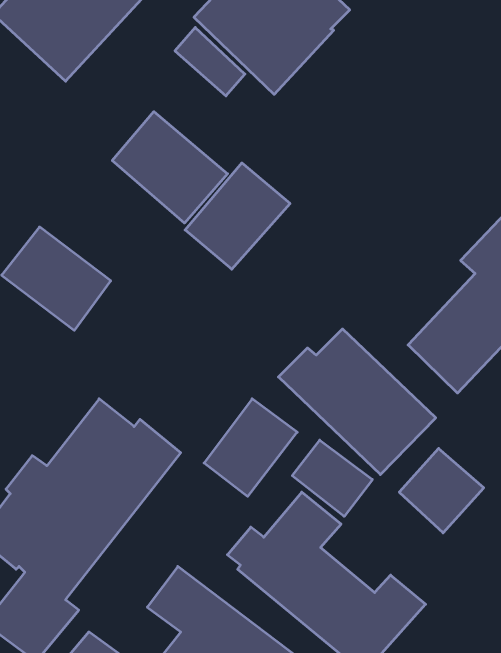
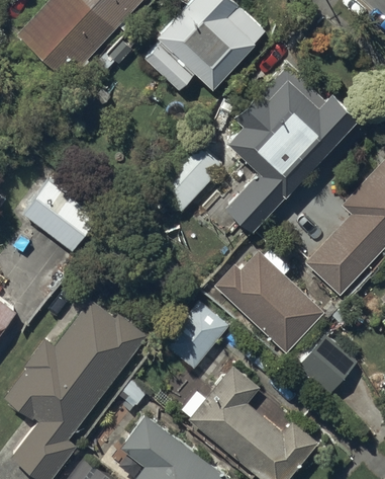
building: none -> [226,65,361,233]
building: [112,112,228,223] -> none
building: [292,440,372,516] -> none

